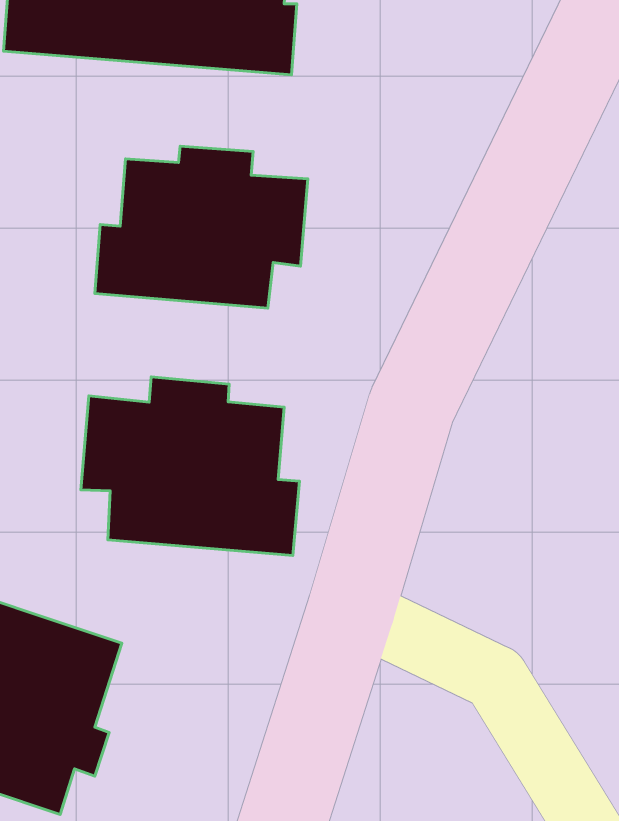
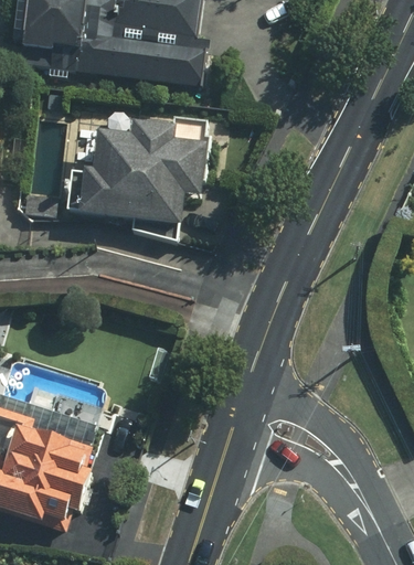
building: [81,377,299,556] -> none

